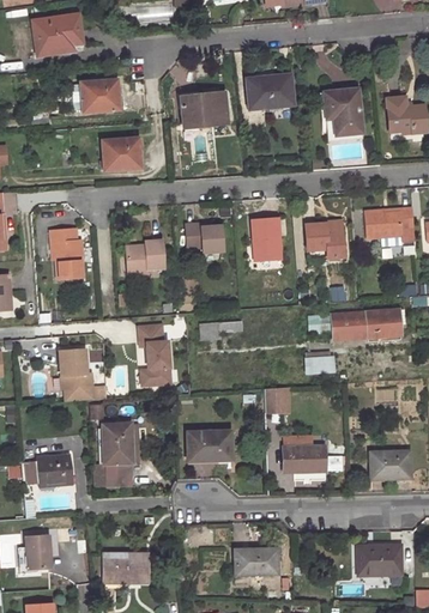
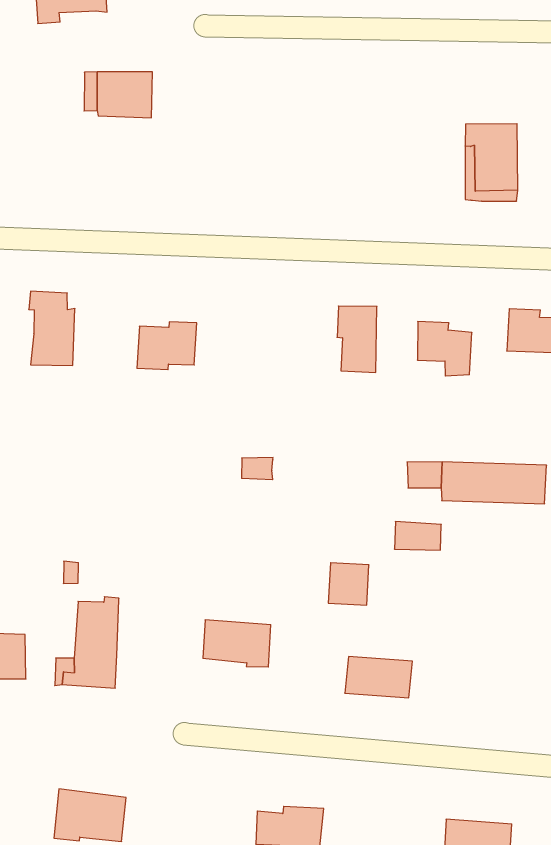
building: [246,74,292,109] -> none
building: [181,92,225,126] -> none
building: [102,138,140,170] -> none
building: [185,223,222,251] -> none
building: [138,324,170,384] -> none
building: [60,348,93,401] -> none
building: [371,451,410,478] -> none

